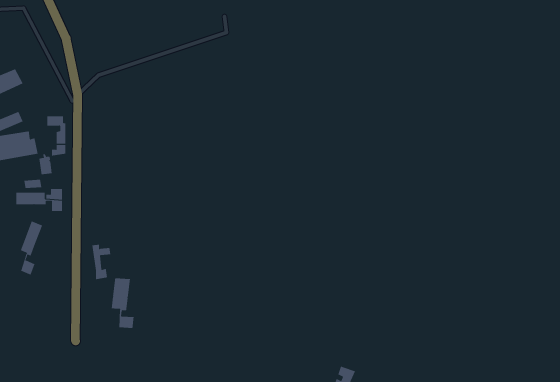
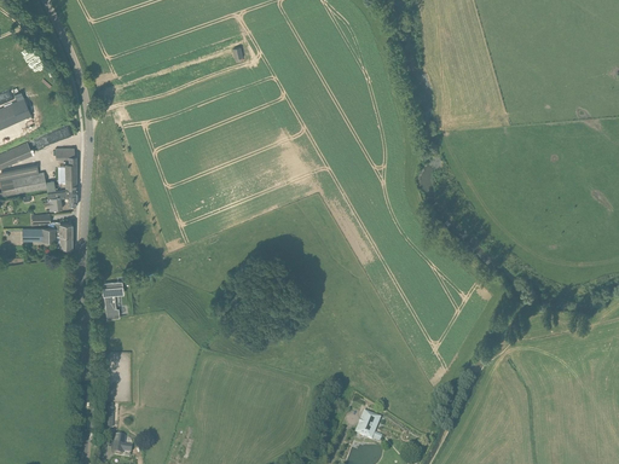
building: [20,220,43,276] -> none
building: [111,277,134,329] -> none

